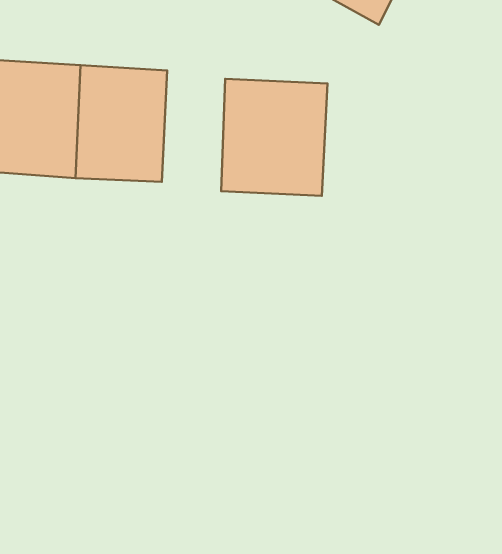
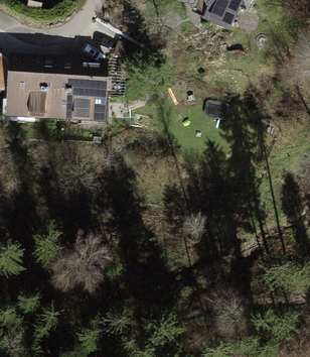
building: [221,79,328,196] -> none

